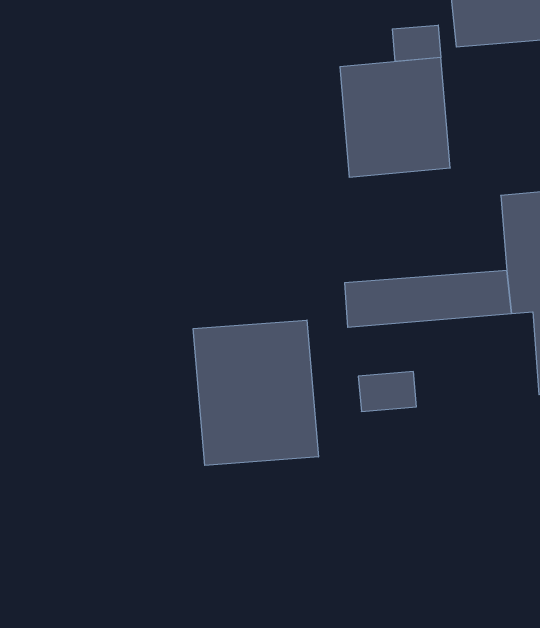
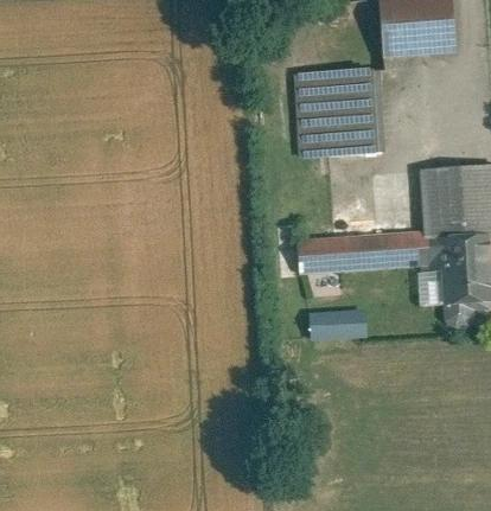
building: [392,25,441,61] -> none
building: [193,320,318,465] -> none

